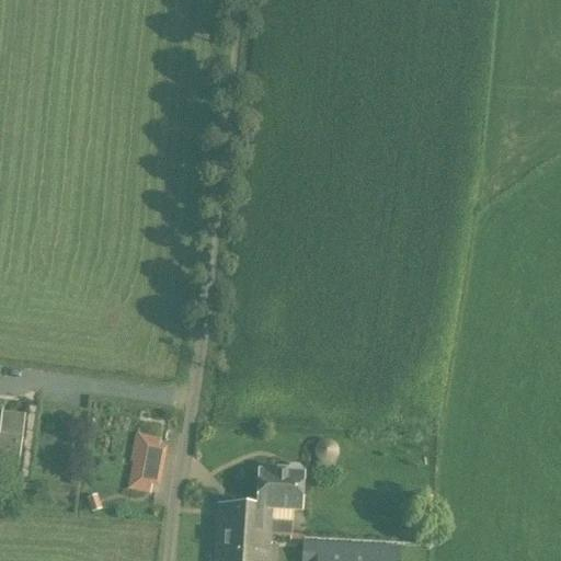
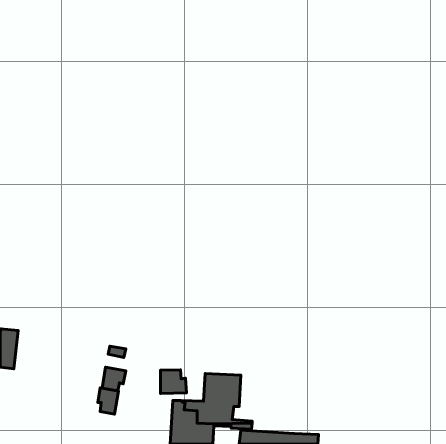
building: none -> [160,370,186,394]
building: none -> [98,388,119,414]

